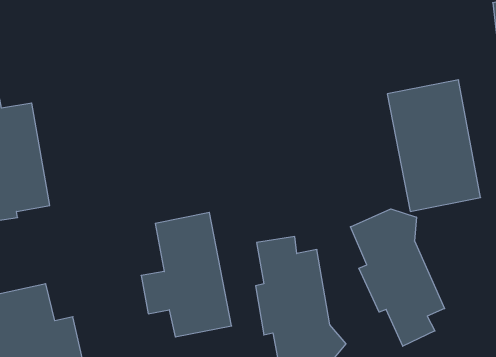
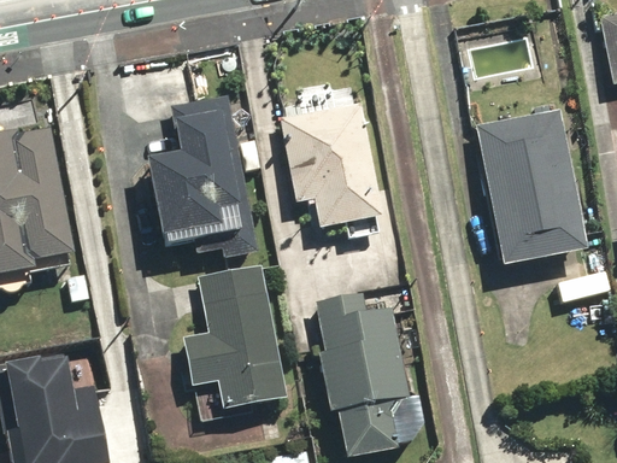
building: none -> [147,96,260,260]
building: none -> [283,105,381,229]
building: [350,209,445,346] -> none

